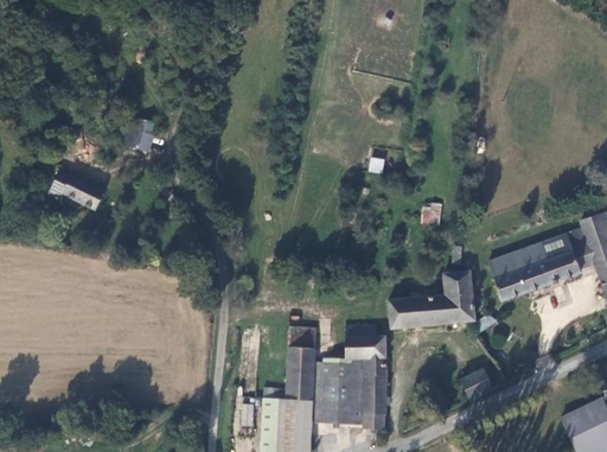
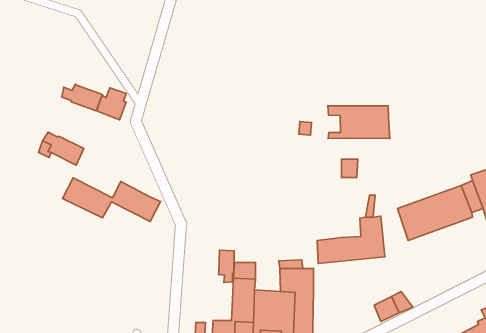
building: none -> [62,84,103,111]
building: none -> [328,106,390,139]
building: none -> [62,178,161,222]
building: none -> [218,250,234,283]

